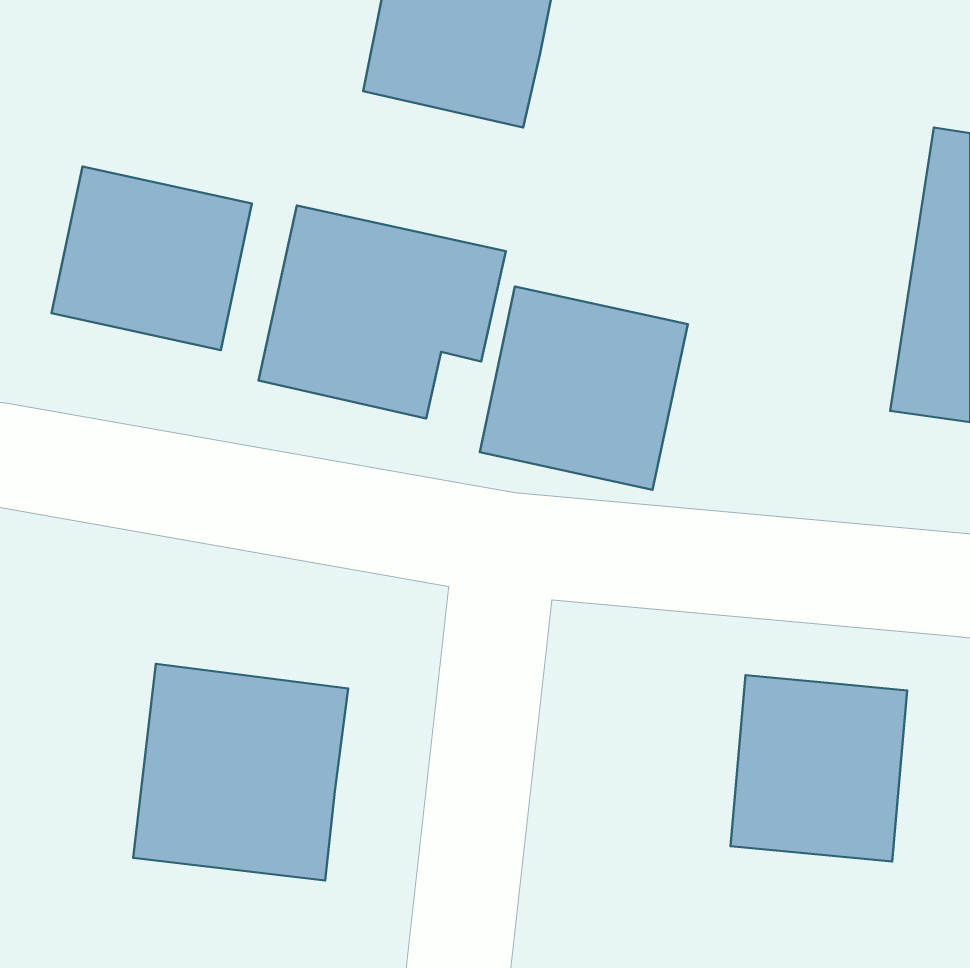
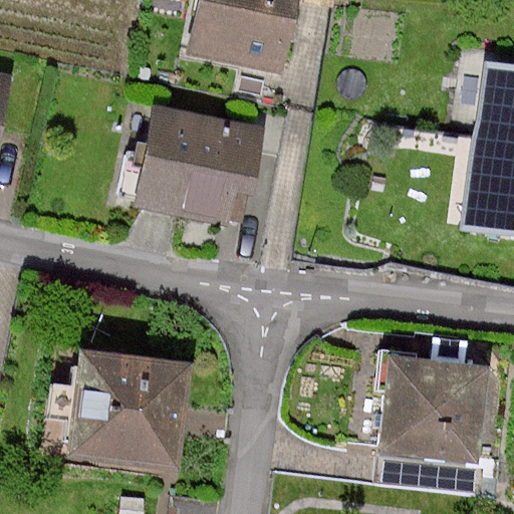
building: [51,166,252,350] -> none
building: [480,287,688,490] -> none

